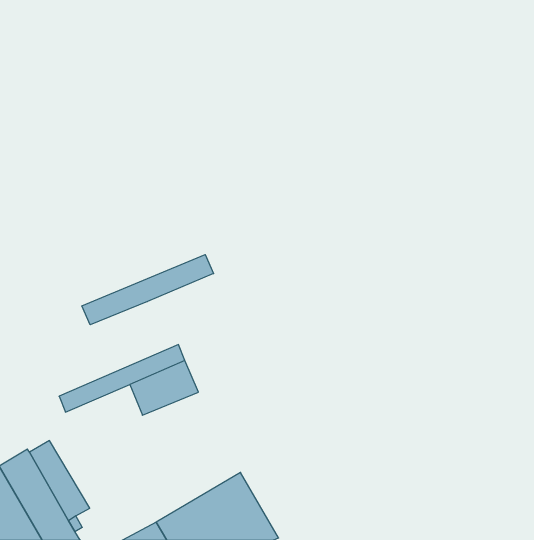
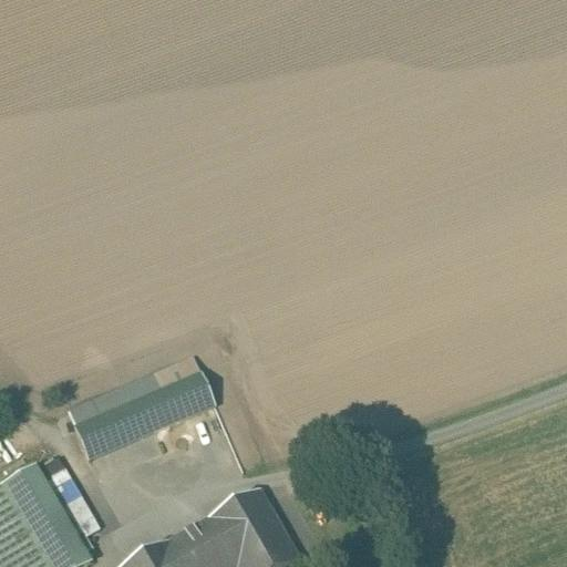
building: [82,255,214,325] -> none
building: none -> [69,403,150,464]

